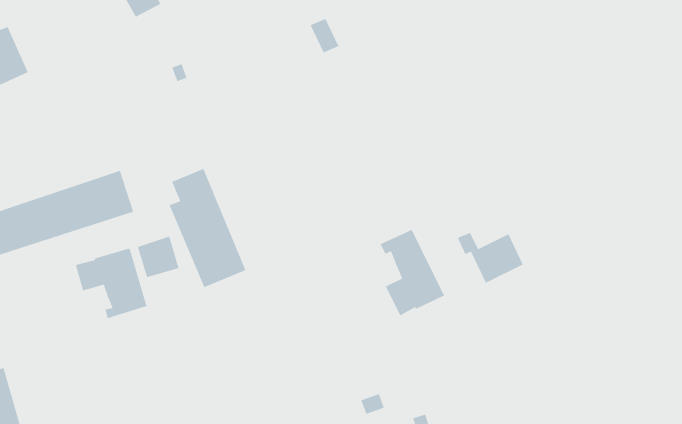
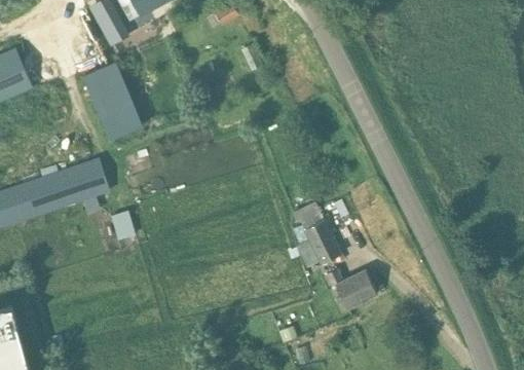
building: [168,168,246,288] -> [82,48,141,139]
building: [457,232,524,284] -> [326,269,376,308]
building: [75,247,147,319] -> none

